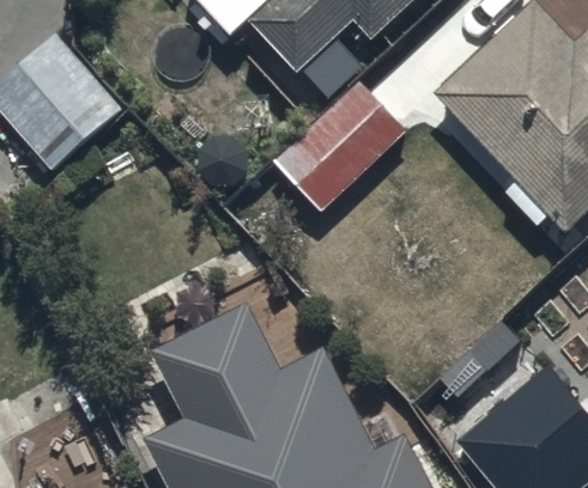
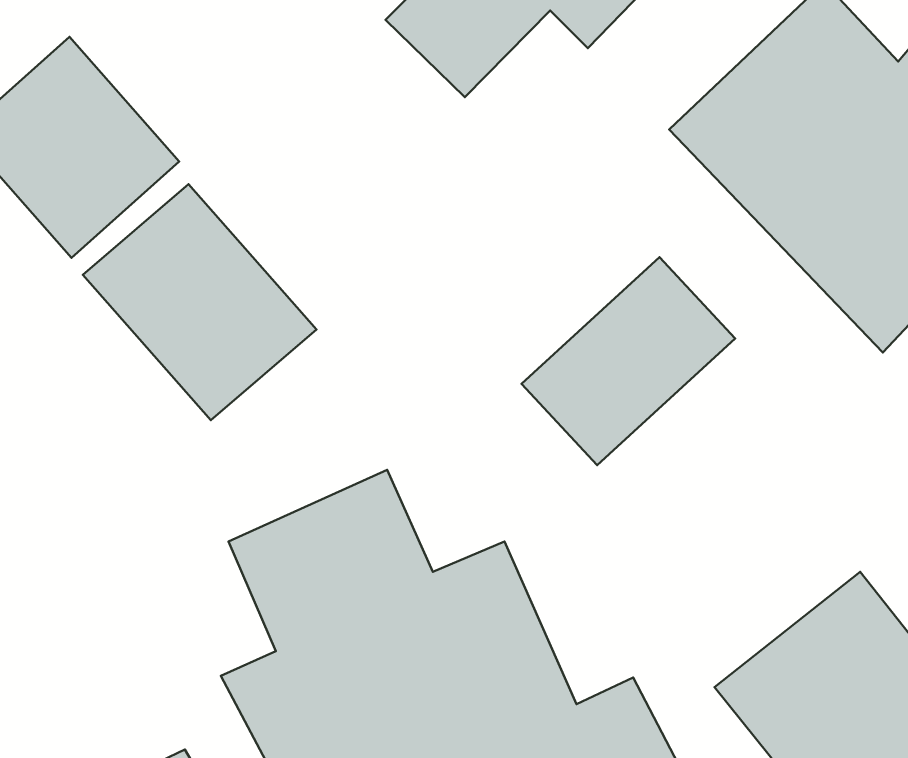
building: [271,78,406,209] -> [521,257,735,465]
building: none -> [83,184,317,420]

